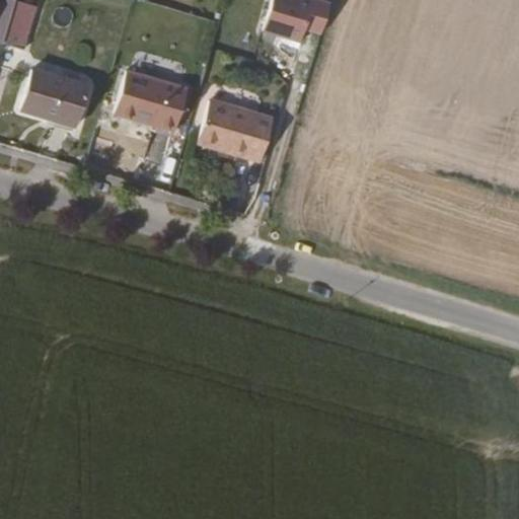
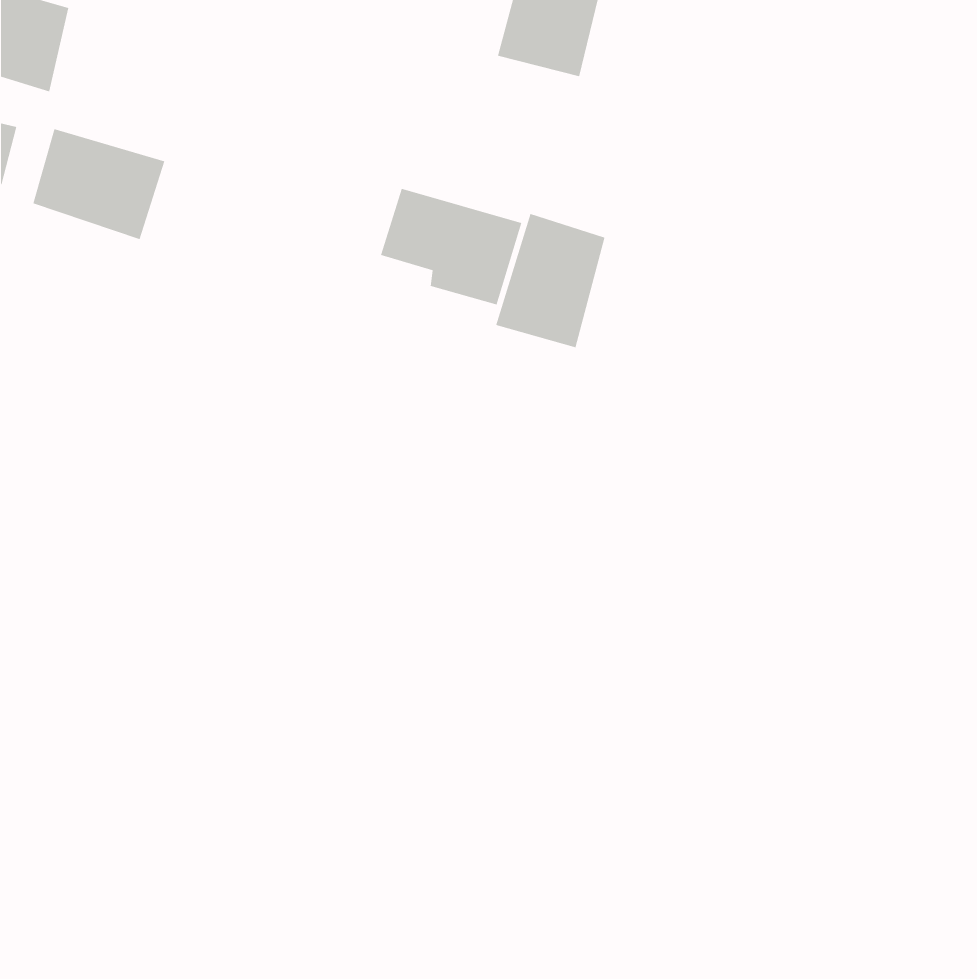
building: [114,70,187,132] -> none
building: none -> [495,213,605,348]

